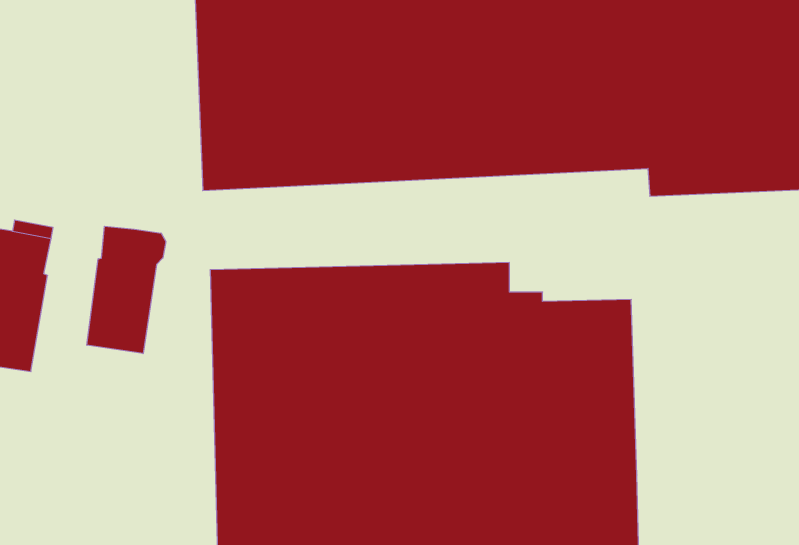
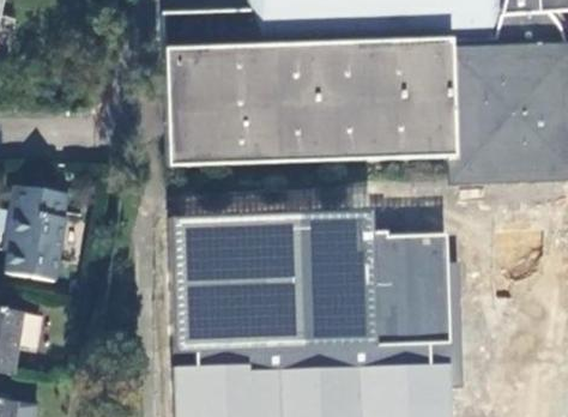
building: [87,226,166,354] -> none

